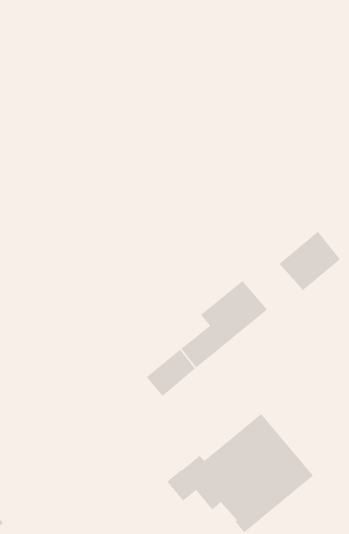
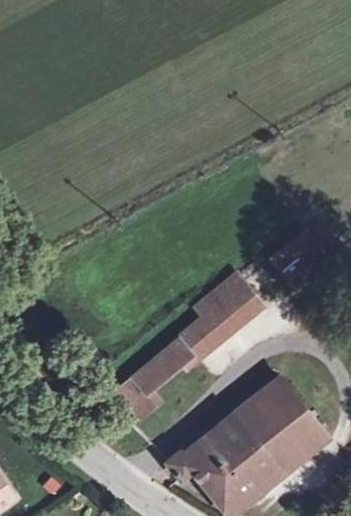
building: none -> [114,365,161,420]
building: none -> [253,378,326,456]

